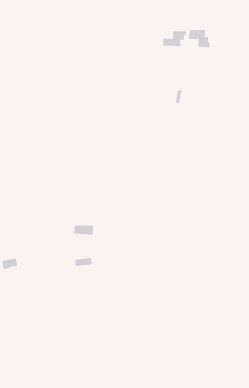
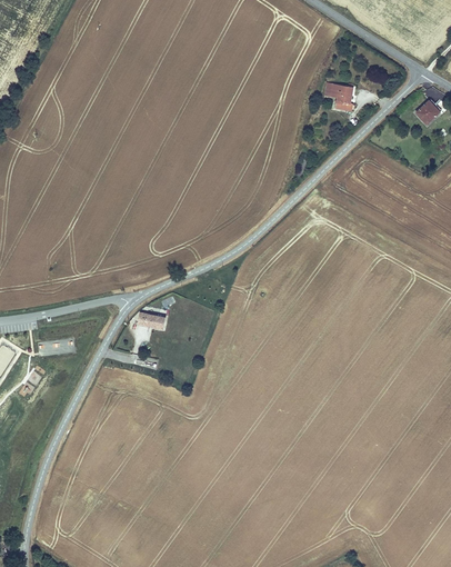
building: [163,30,186,47] -> none

